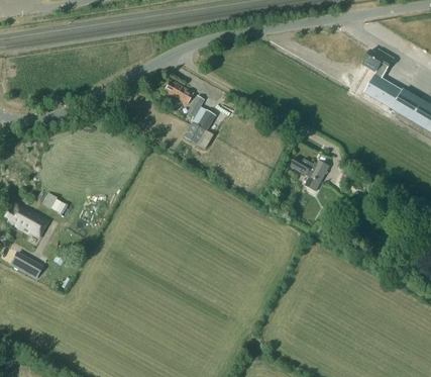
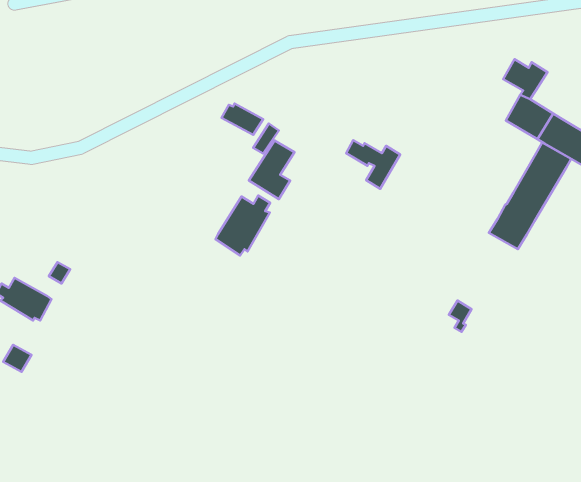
building: none -> [489,143,571,249]
building: none -> [216,195,270,255]
building: [292,157,330,191] -> [346,140,400,189]

